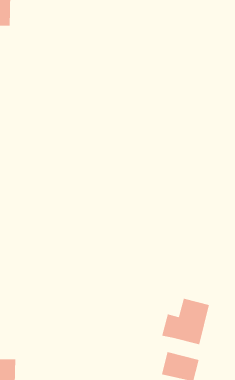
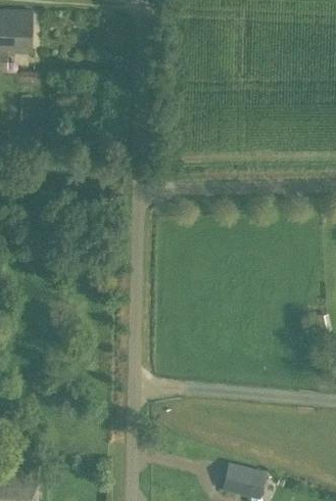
building: [162,298,210,345] -> none

